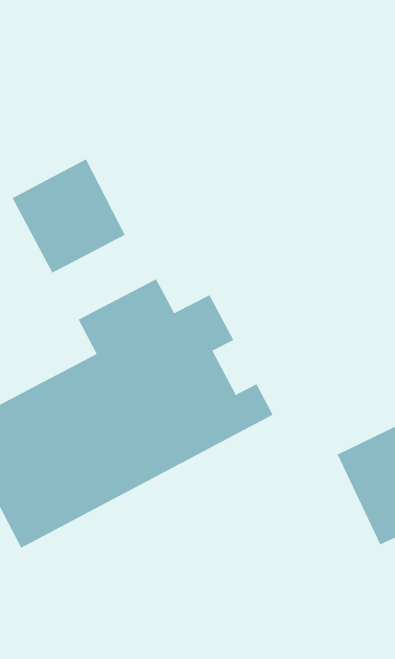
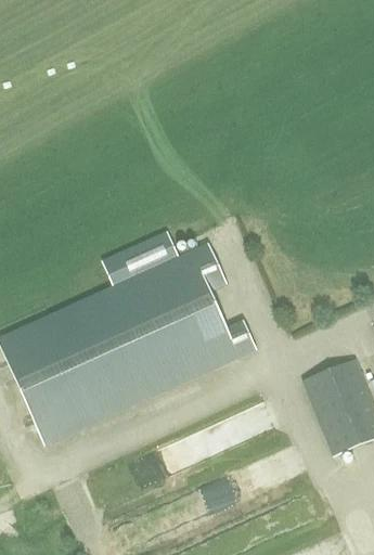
building: [12,159,126,274] -> none

